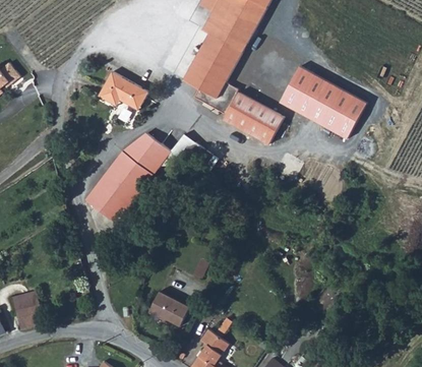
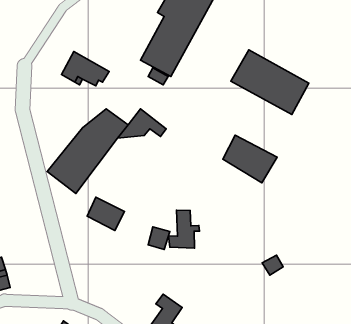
building: [225,94,283,144] -> [223,135,277,183]
building: none -> [169,210,199,248]
building: [149,291,189,326] -> [87,197,124,230]

